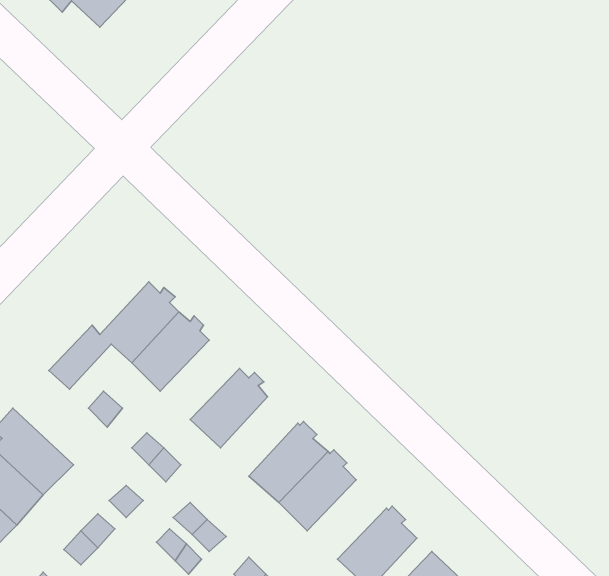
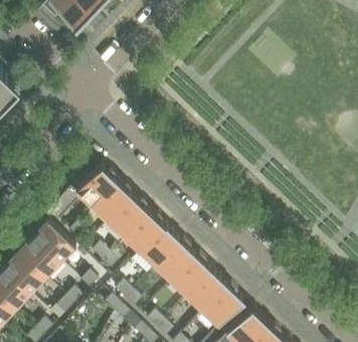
building: none -> [107,197,149,239]
building: none -> [28,222,75,264]
building: none -> [139,227,180,270]
building: none -> [185,272,227,314]

